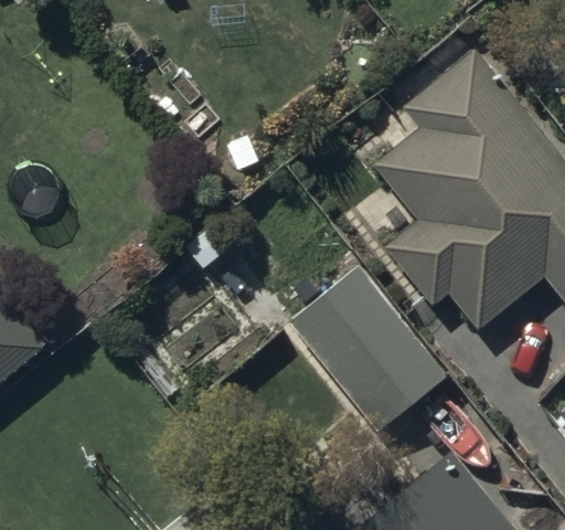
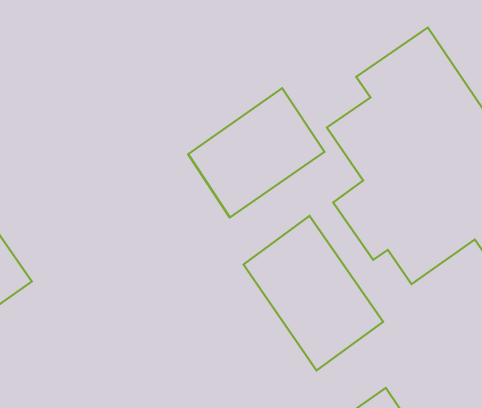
building: none -> [188,88,324,218]

